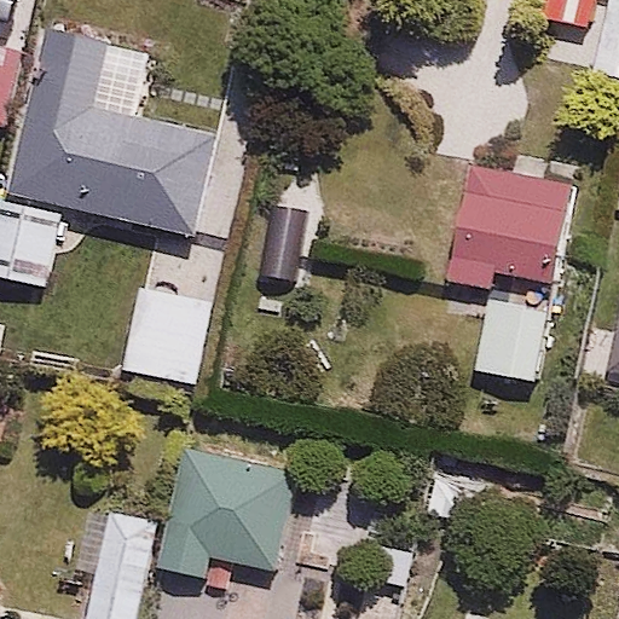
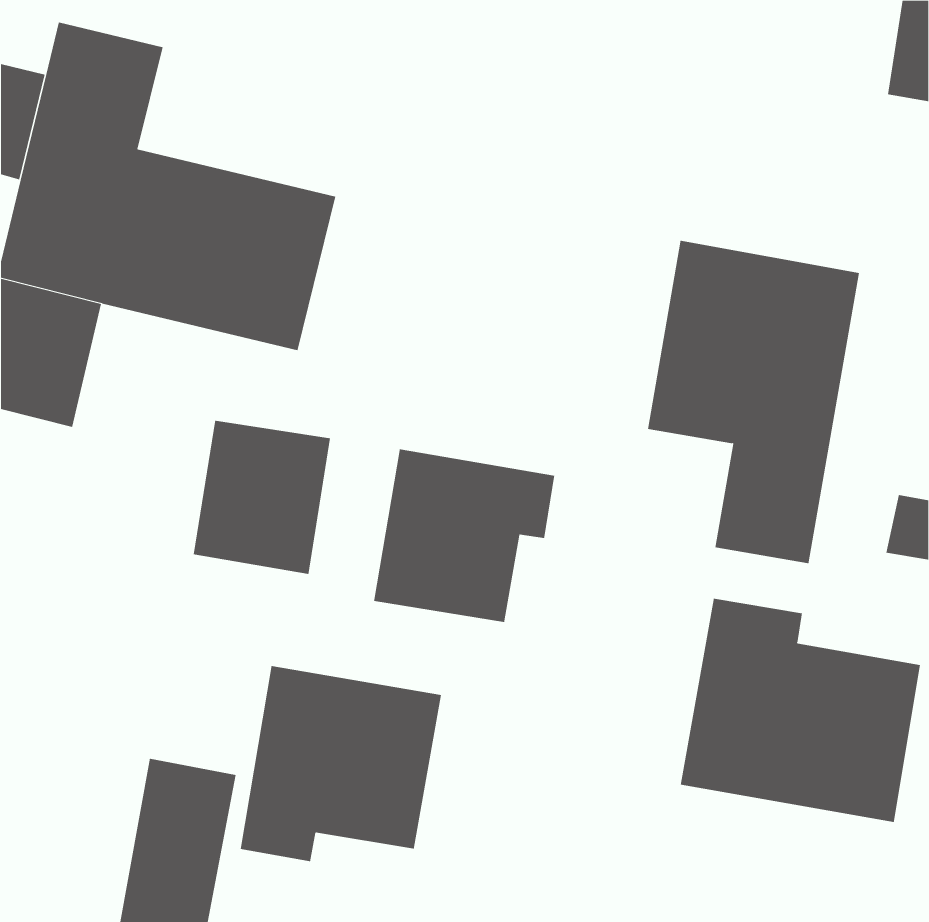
building: none -> [374,448,555,623]
building: none -> [680,598,921,823]

